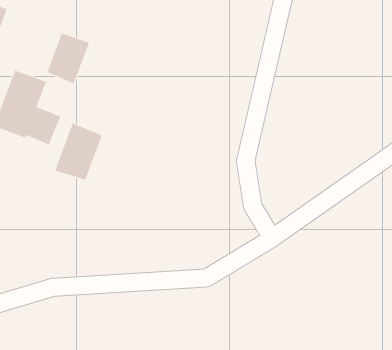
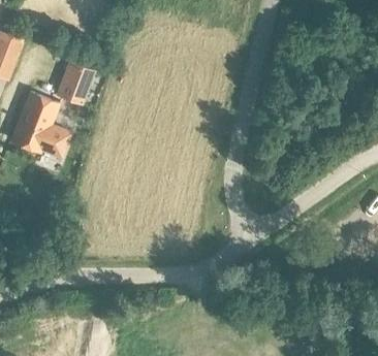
building: [55,123,103,180] -> none

